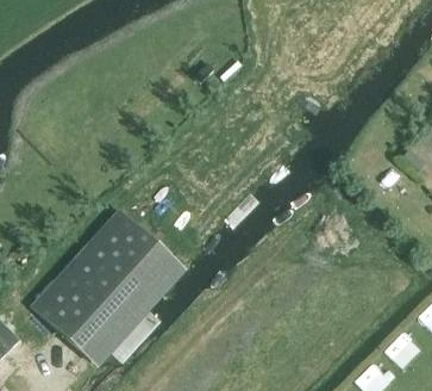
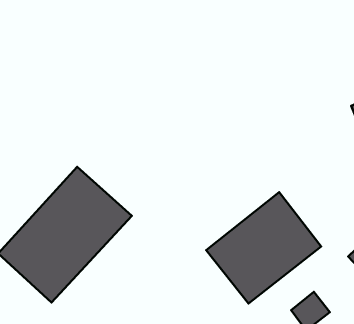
building: none -> [206,192,321,304]

